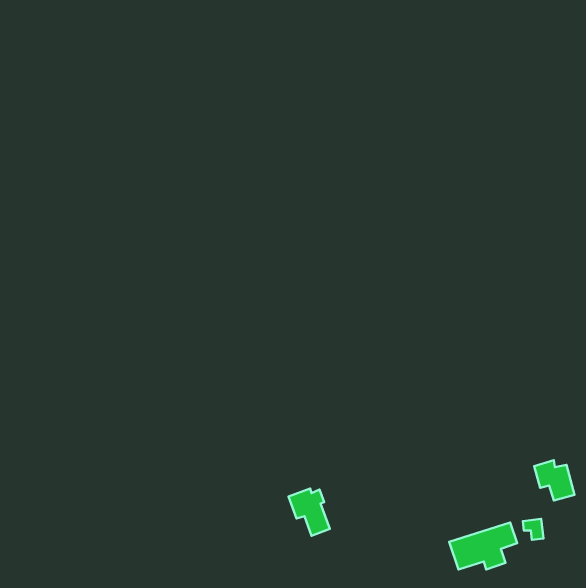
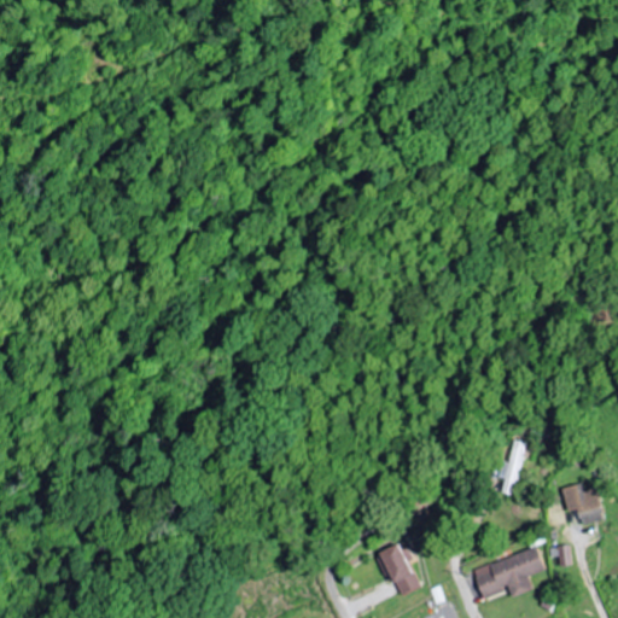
building: none -> [500,441,526,495]
building: [288,488,330,536] -> [375,546,419,595]

